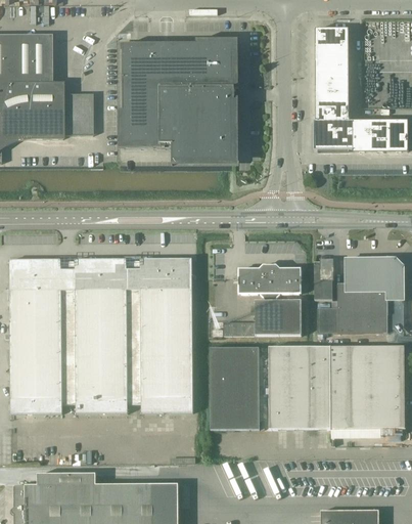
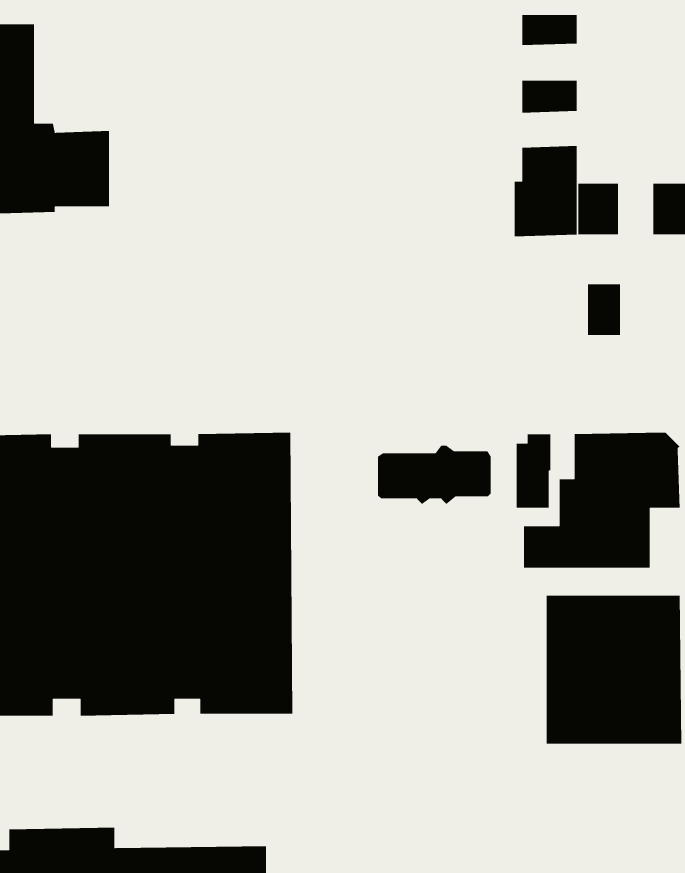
building: [123,42,234,166] -> none
building: [317,45,348,64] -> none
building: [317,82,348,101] -> none
building: [370,121,388,149] -> [587,284,621,336]
building: [224,299,301,336] -> none
building: [269,346,330,429] -> none
building: [210,347,259,429] -> none

